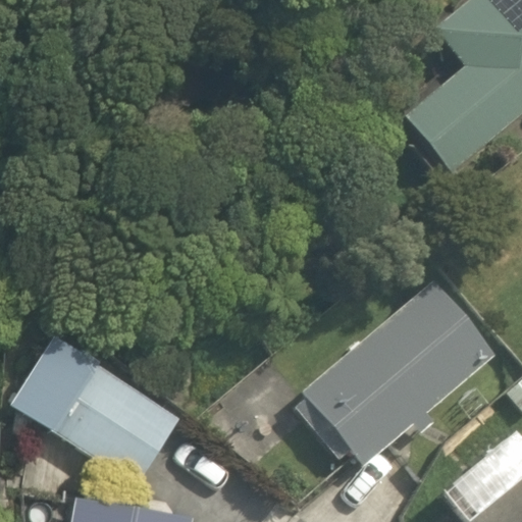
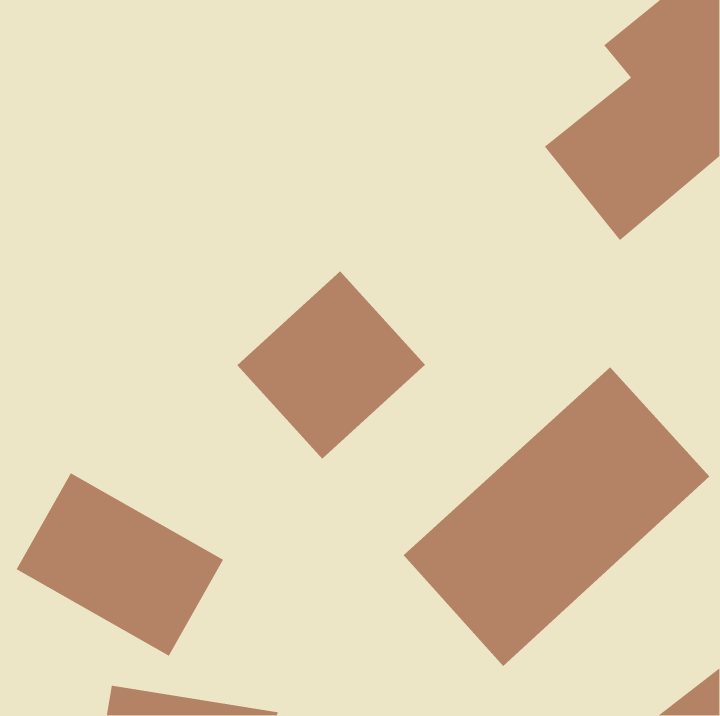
building: none -> [237,270,426,459]

